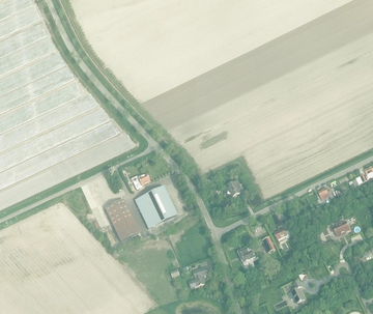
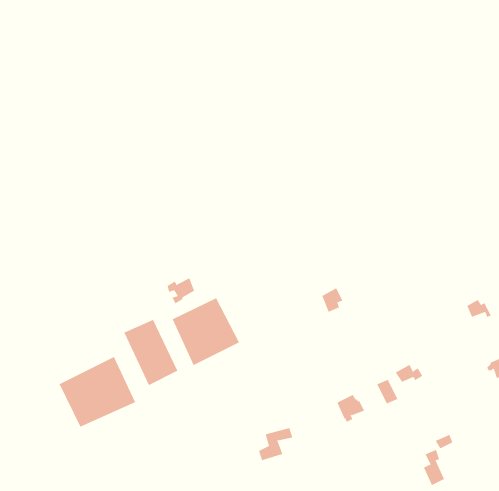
building: none -> [59,356,136,428]

